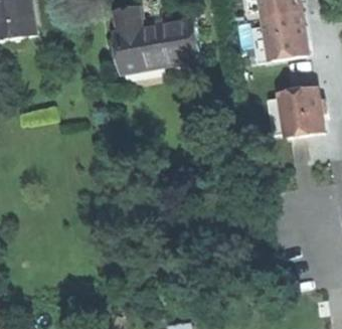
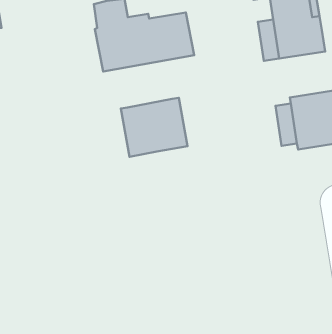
building: none -> [121,98,187,157]

